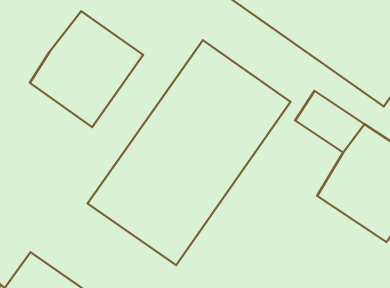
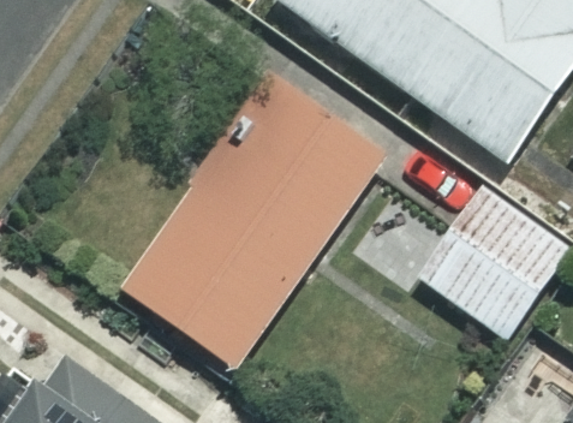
building: [30,11,143,127] -> none

